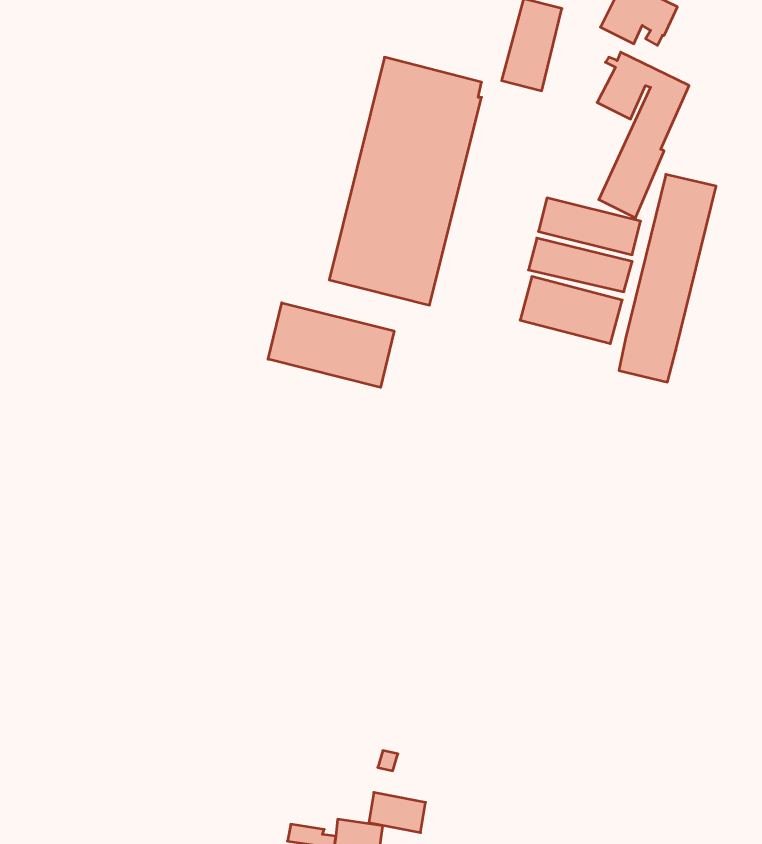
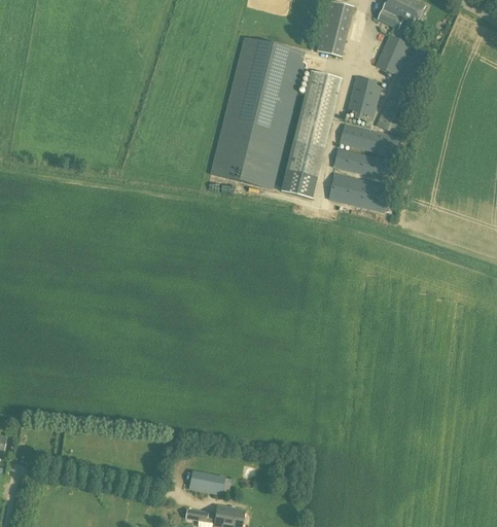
building: none -> [347,75,382,118]
building: [619,174,716,382] -> [282,70,342,198]
building: [268,303,394,387] -> none
building: [369,792,426,833] -> [188,469,223,494]

